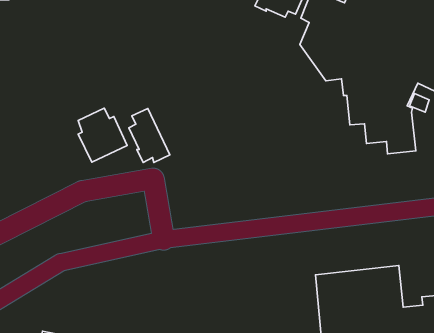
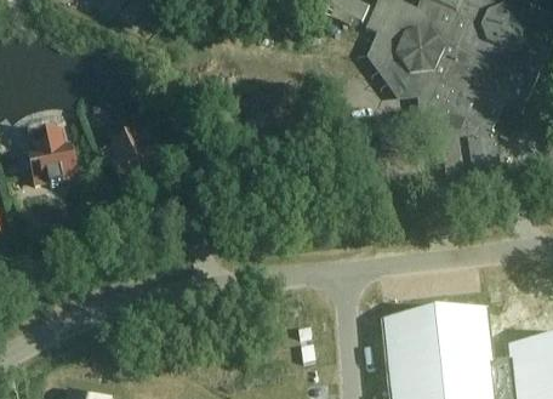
building: none -> [27,127,78,184]
building: [129,108,170,163] -> none

